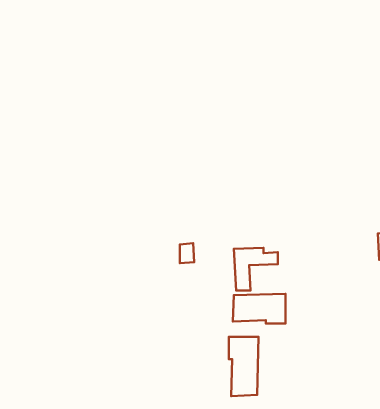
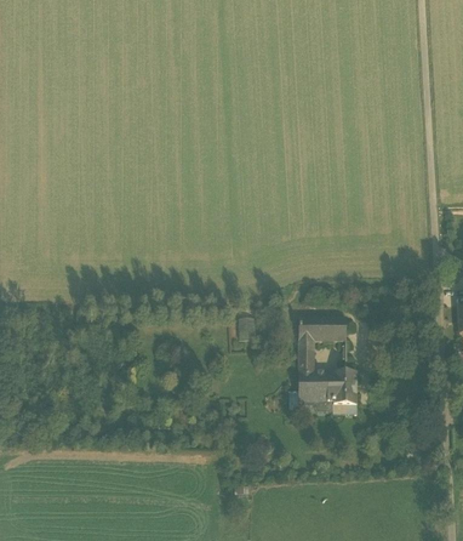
building: [229,337,258,396] -> none

